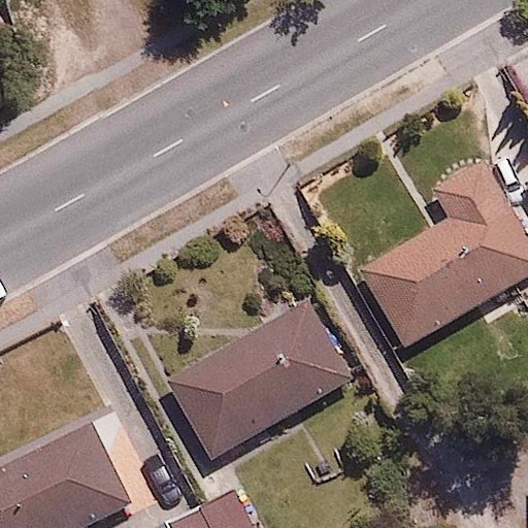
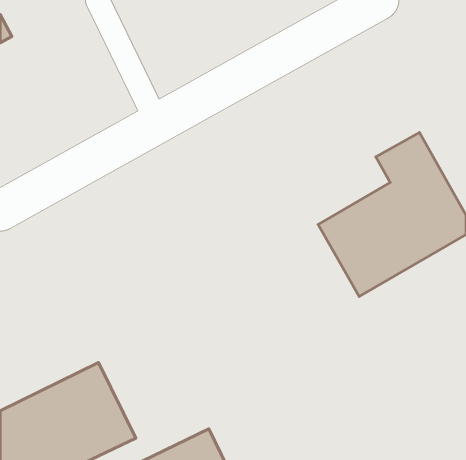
building: [172,302,345,461] -> none

